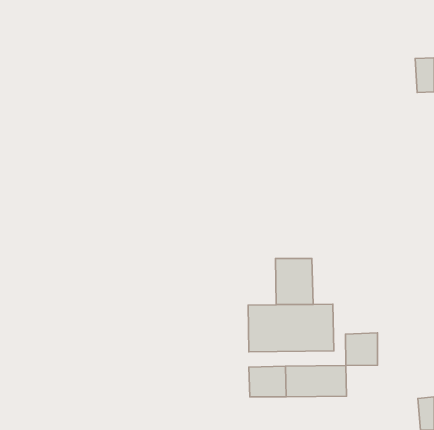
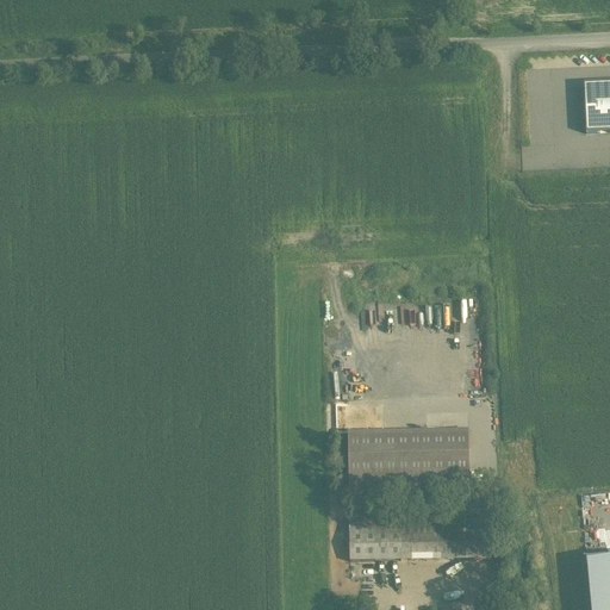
building: [276,258,313,305] -> none
building: [345,333,378,365] -> none

